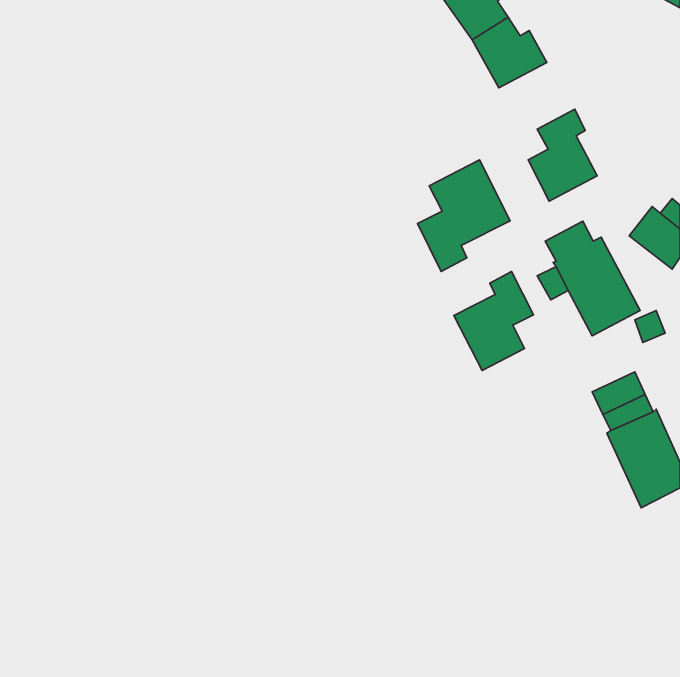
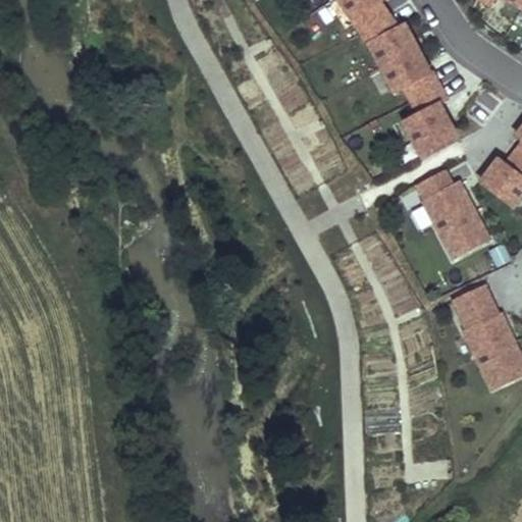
building: none -> [381,48,439,99]
building: [417,160,510,271] -> none
building: [454,272,533,371] -> none

